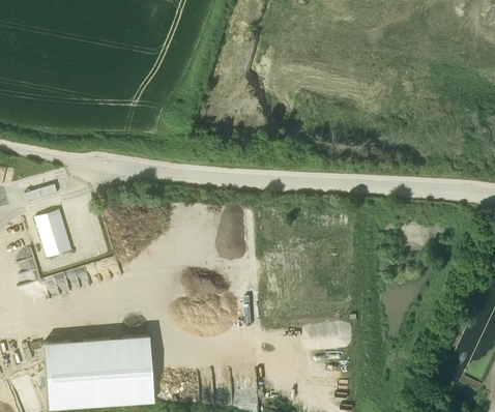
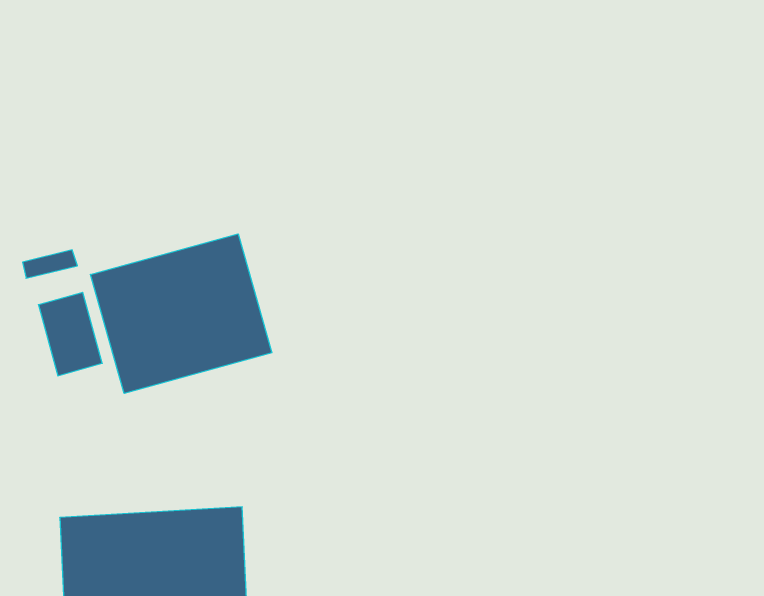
building: none -> [90,234,272,393]

